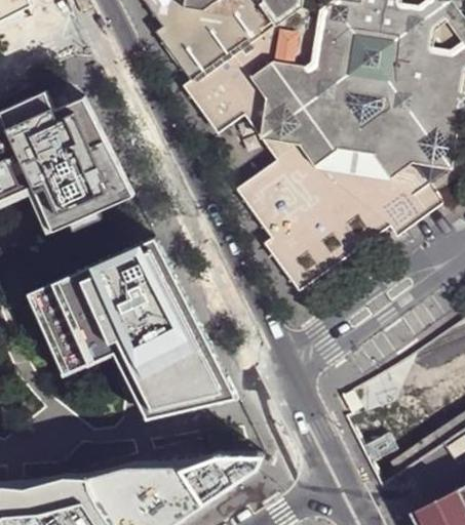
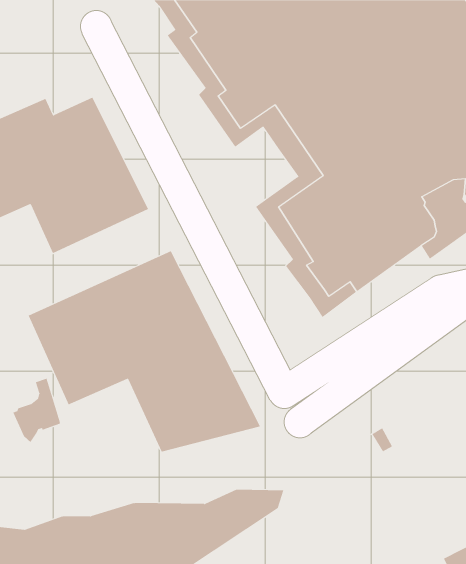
building: none -> [12,378,60,443]

